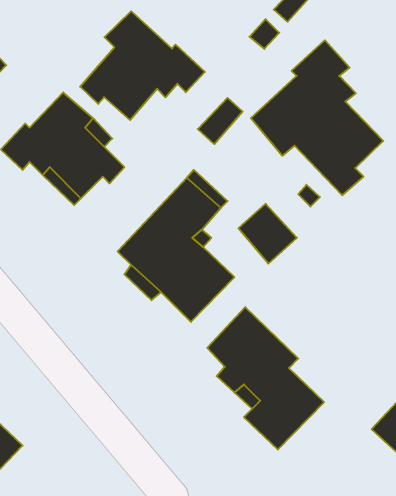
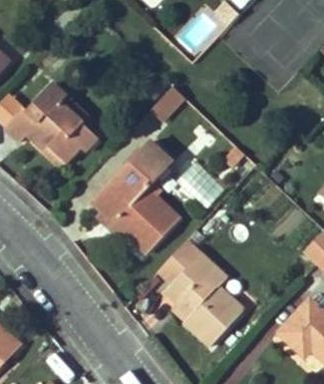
building: [80,11,205,120] -> none
building: [251,40,383,195] -> none

